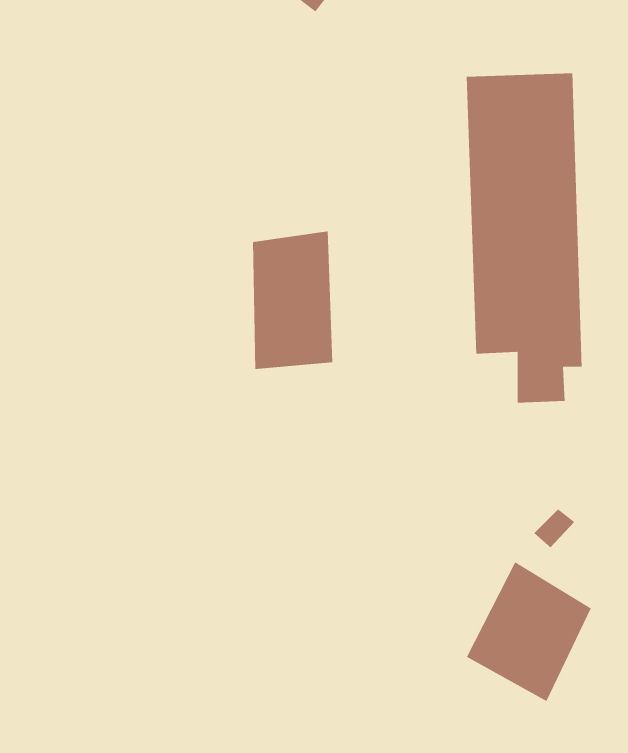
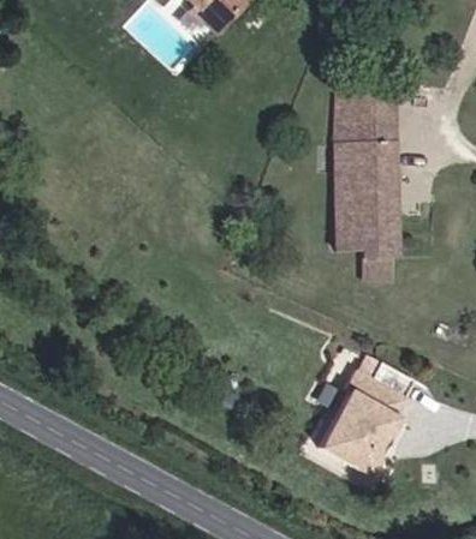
building: [252,230,333,370] -> none

